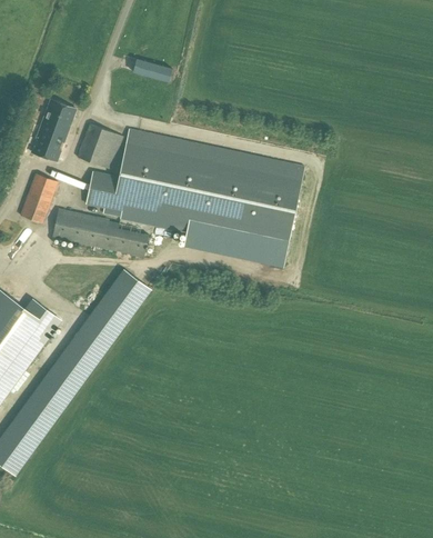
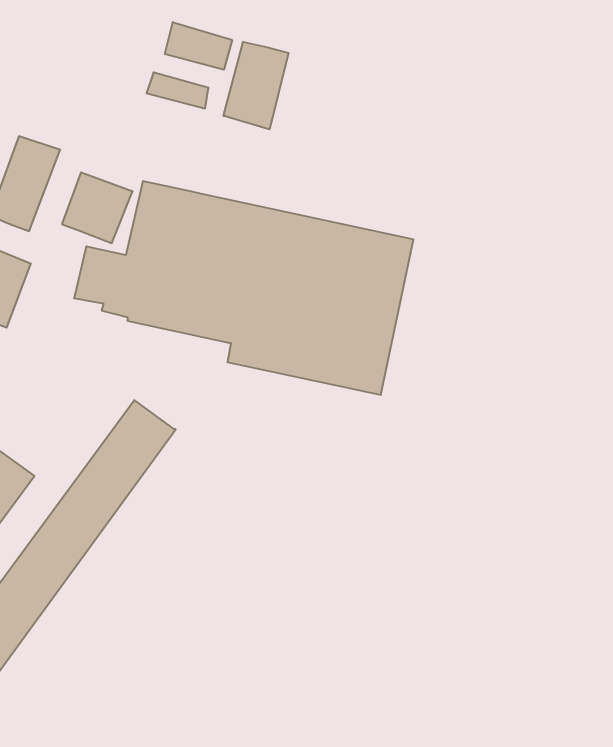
building: none -> [165,22,232,70]
building: none -> [223,42,288,129]
building: [53,210,150,256] -> none

